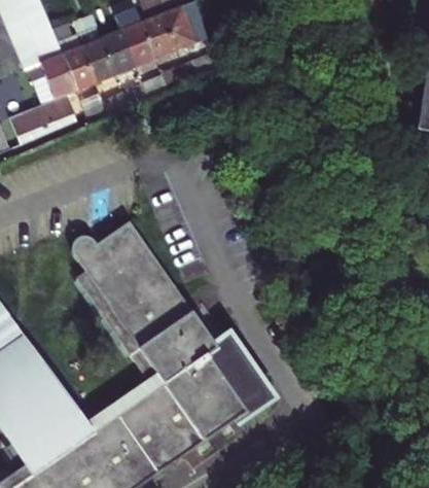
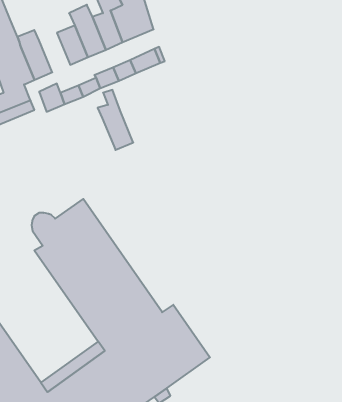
building: [78,18,117,83] -> [98,90,133,150]

